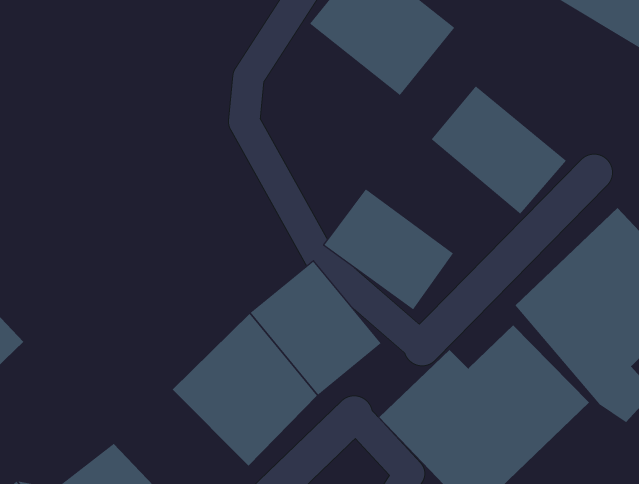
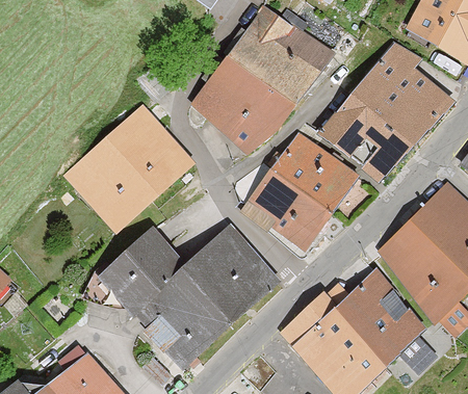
building: none -> [347,43,456,151]
building: none -> [188,52,293,154]
building: none -> [68,107,193,231]
building: none -> [268,131,362,217]
building: none -> [96,226,185,315]

